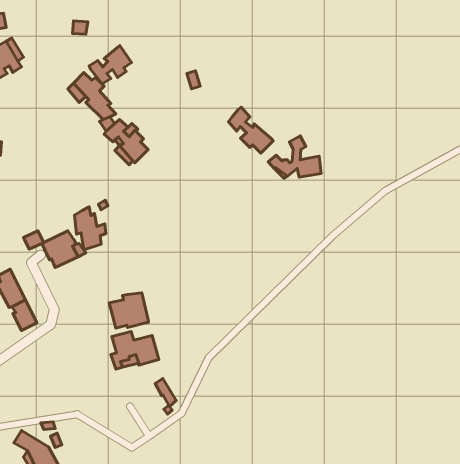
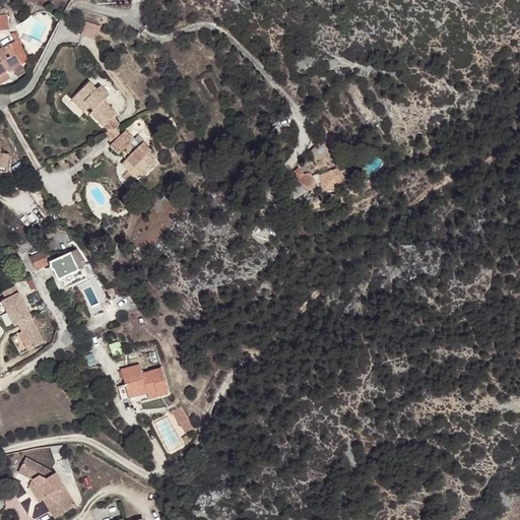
building: [89,46,131,84] -> none
building: [228,107,273,153] -> none
building: [74,207,106,250] -> none
building: [109,293,149,328] -> none

